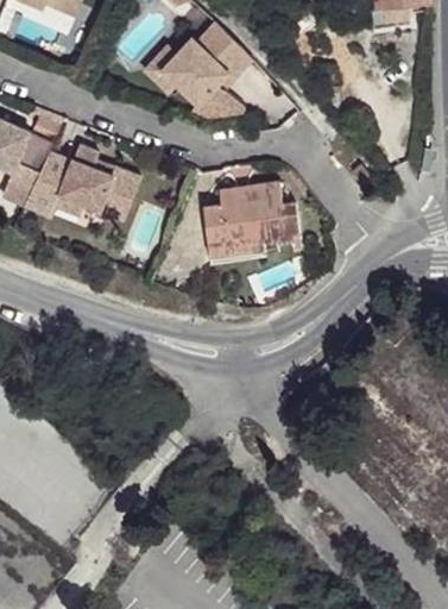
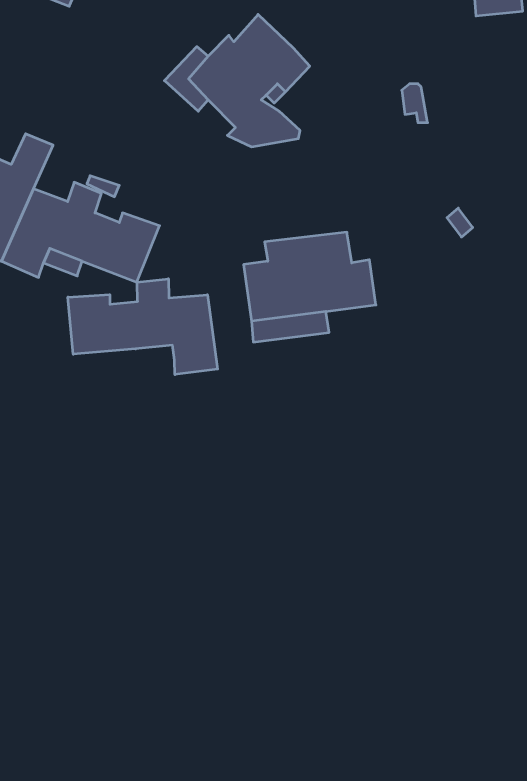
building: none -> [68,279,218,375]

